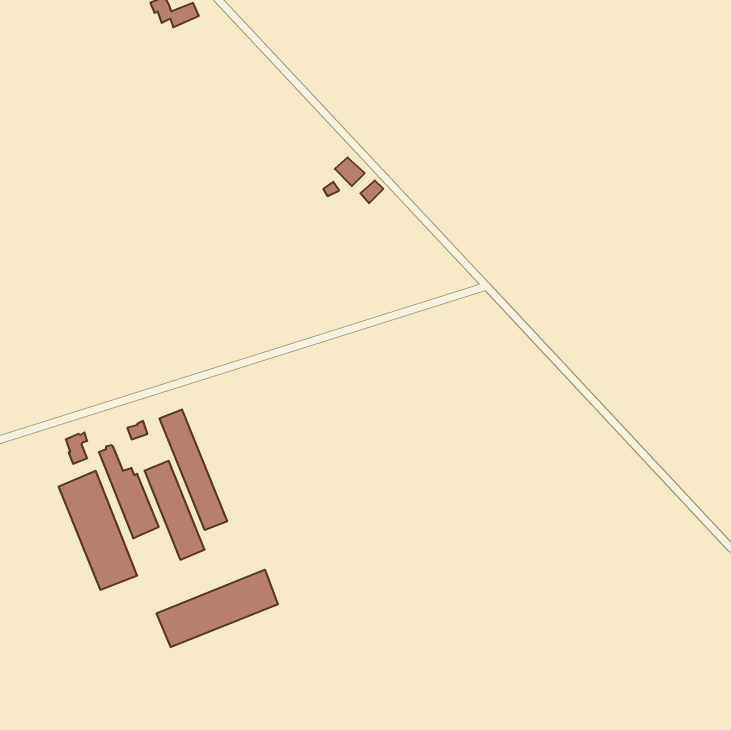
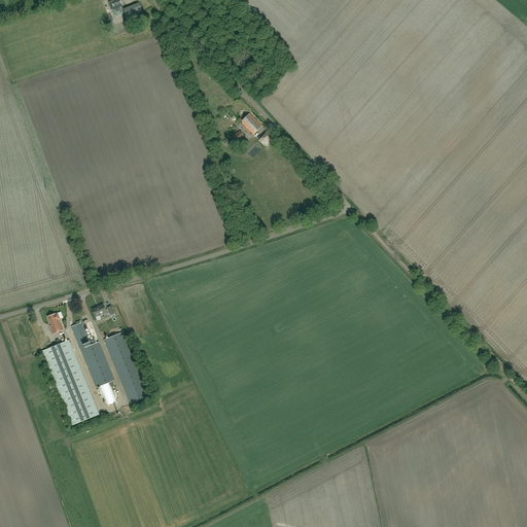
building: [160,409,227,530] -> none
building: [157,570,278,647] -> none

